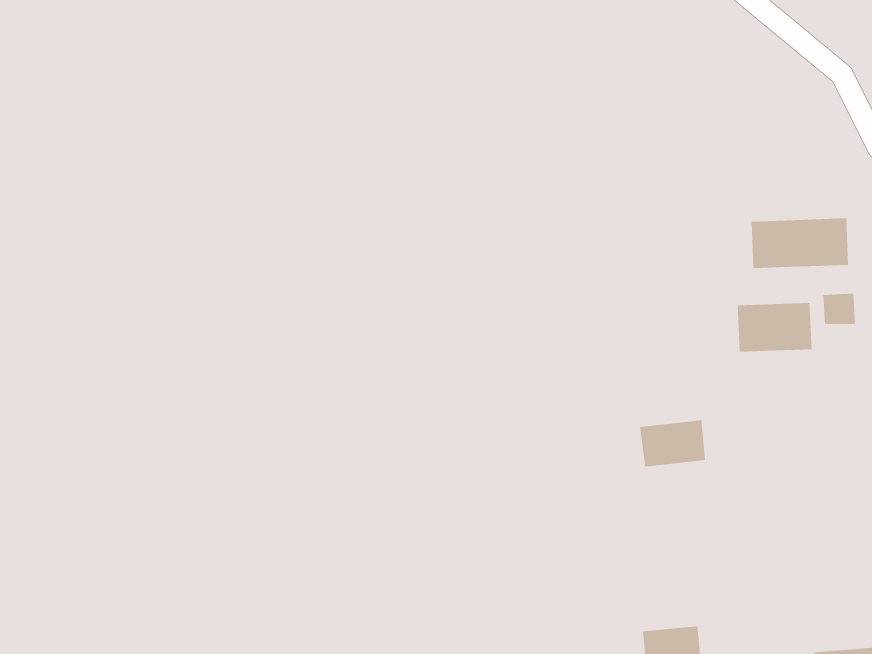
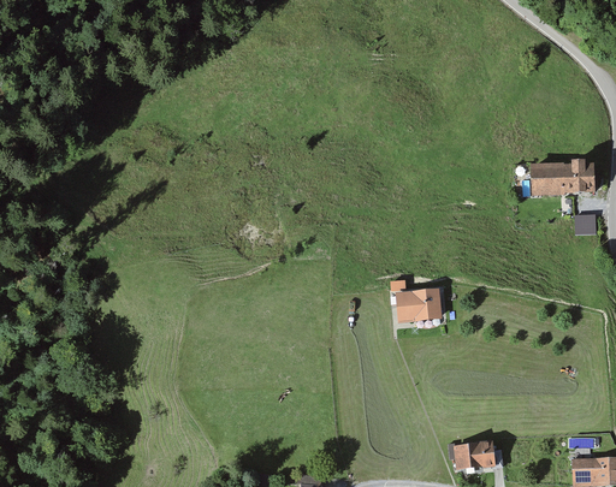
building: [737,302,812,352] -> none
building: [639,420,706,467] -> [395,289,440,321]

